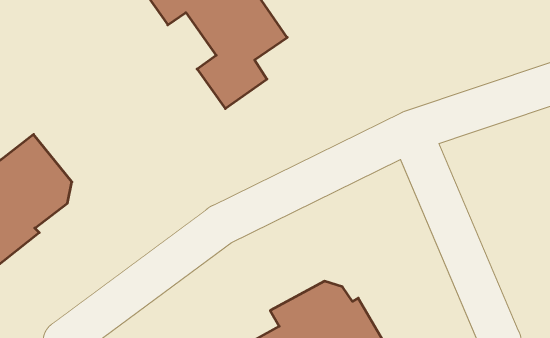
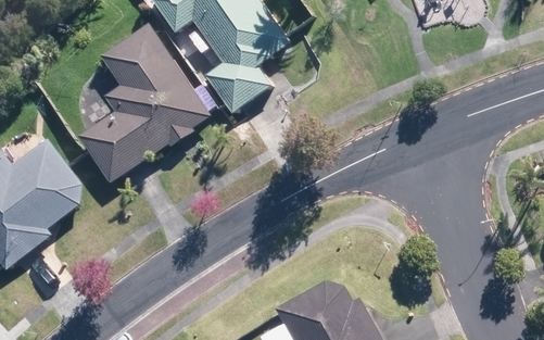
building: none -> [77,24,210,184]

